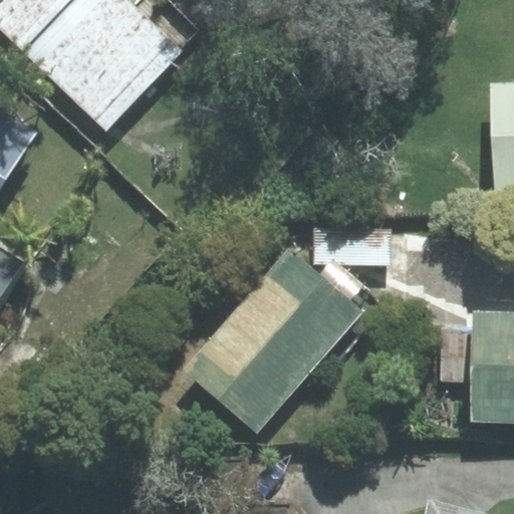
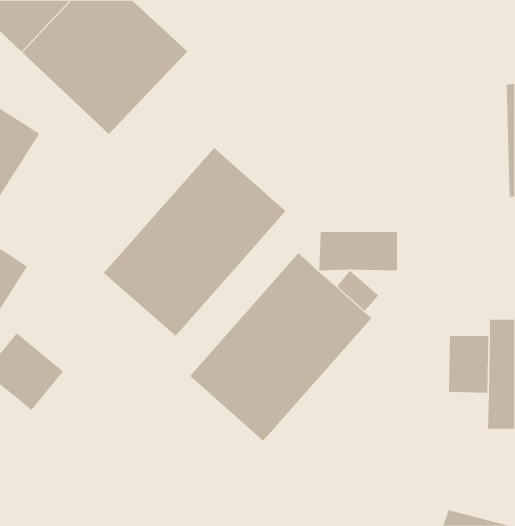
building: none -> [103,147,287,337]

